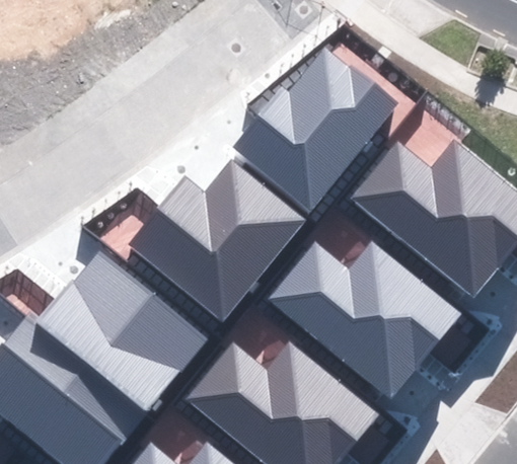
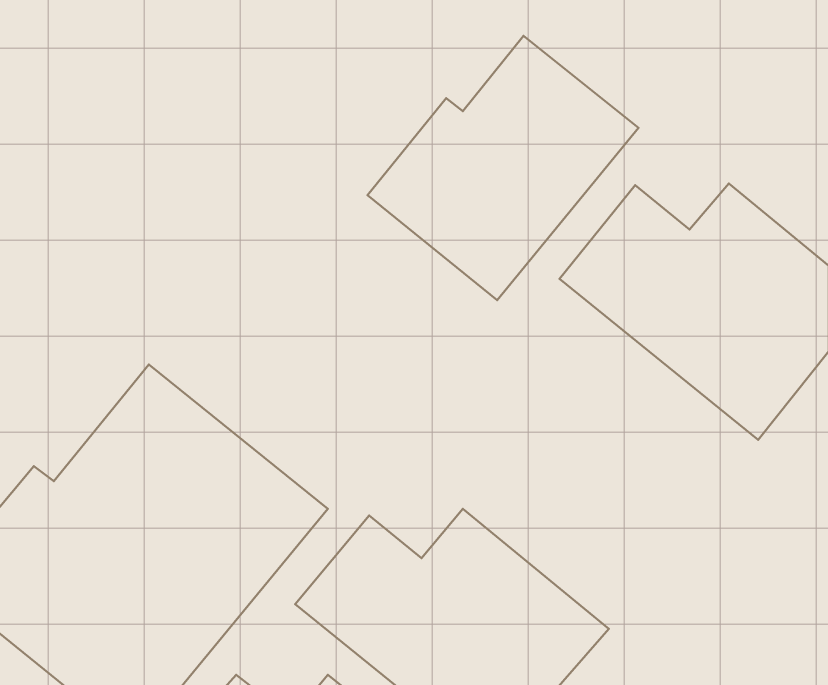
building: [128,159,305,322] -> none
building: [268,239,460,398] -> none

